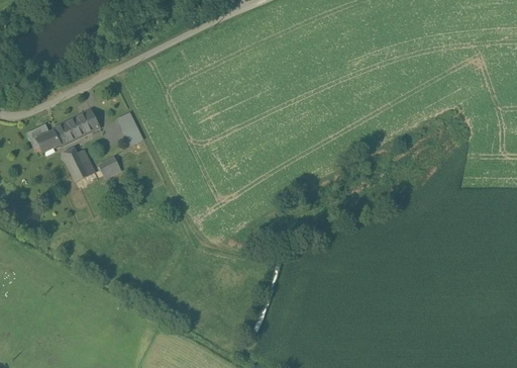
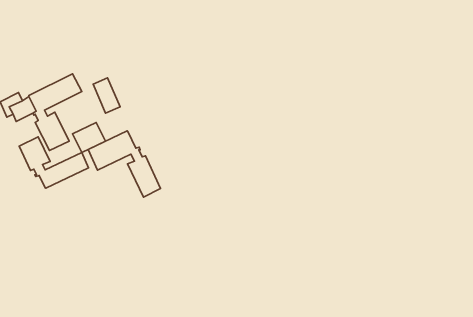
building: none -> [88,131,161,197]
building: none -> [19,137,89,188]

